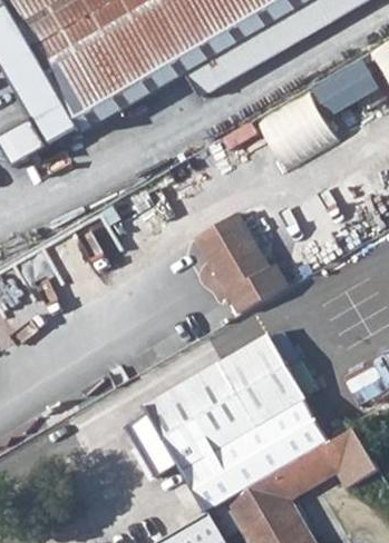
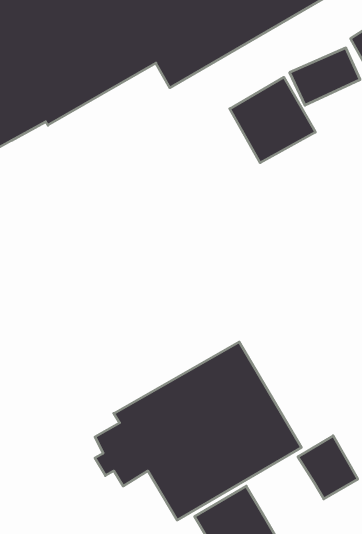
building: [194,213,285,314] -> none
building: [272,446,337,501] -> none

